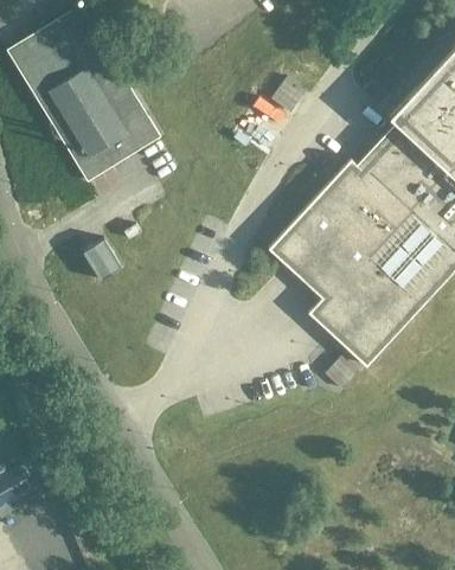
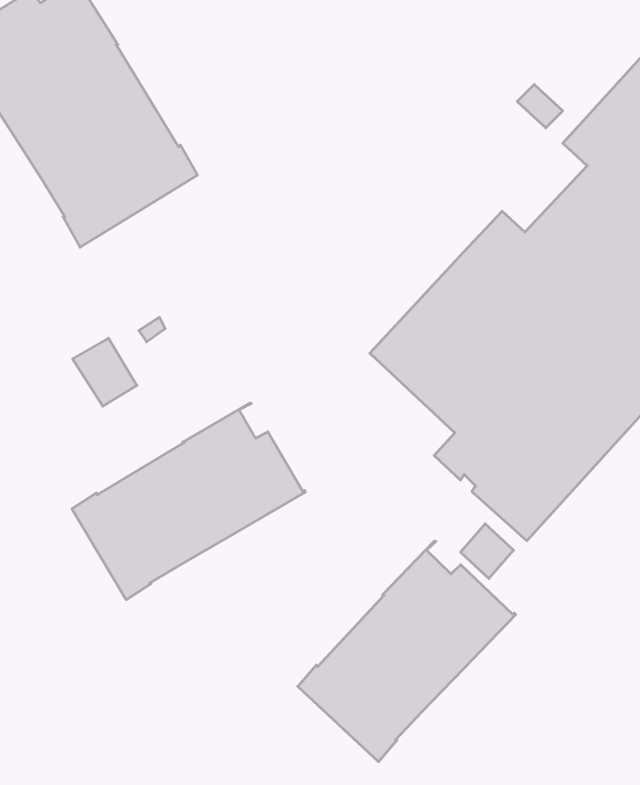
building: none -> [72,403,305,600]
building: none -> [298,541,516,762]

